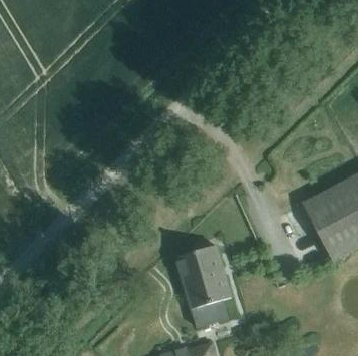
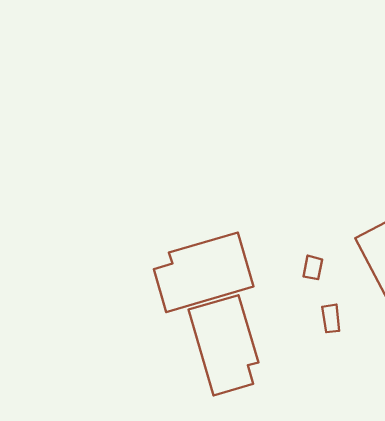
building: none -> [154,232,254,312]

